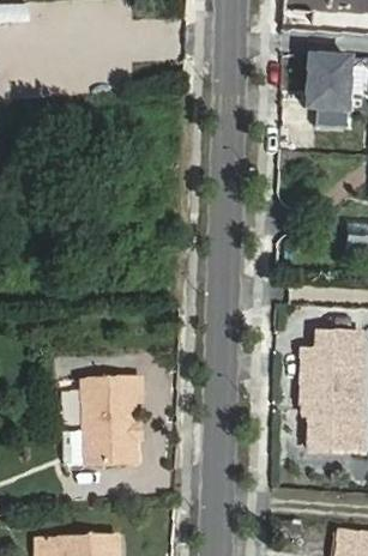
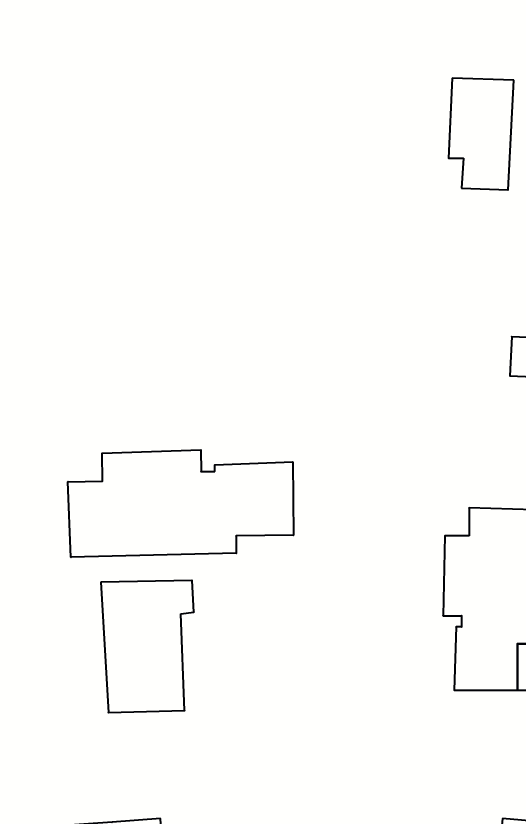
building: none -> [68,450,293,557]

